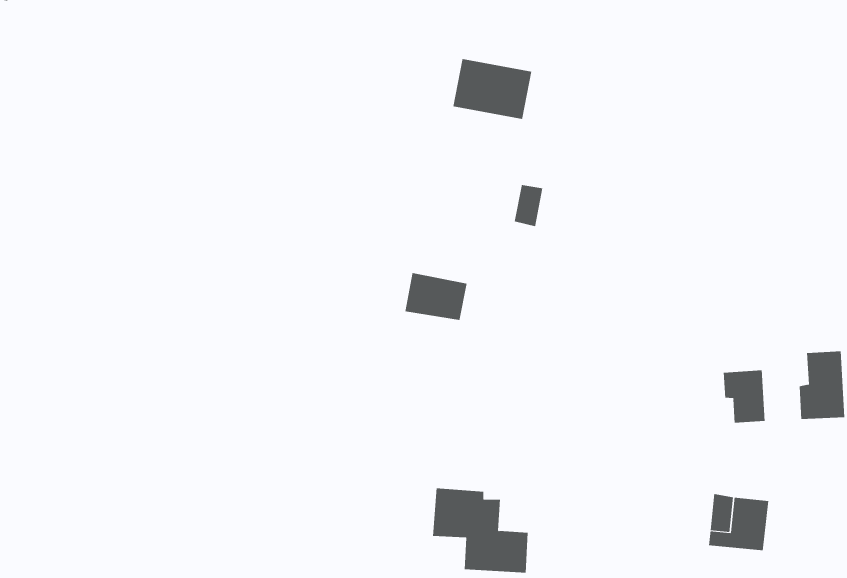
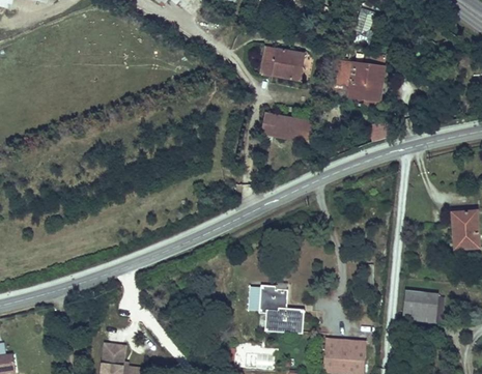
building: none -> [336,59,385,99]
building: [405,273,468,321] -> [263,109,299,136]
building: [723,370,765,423] -> none

